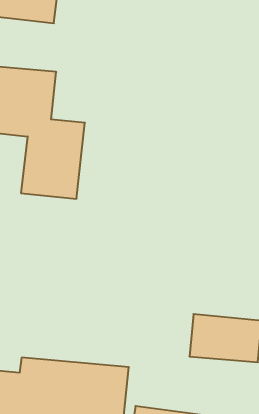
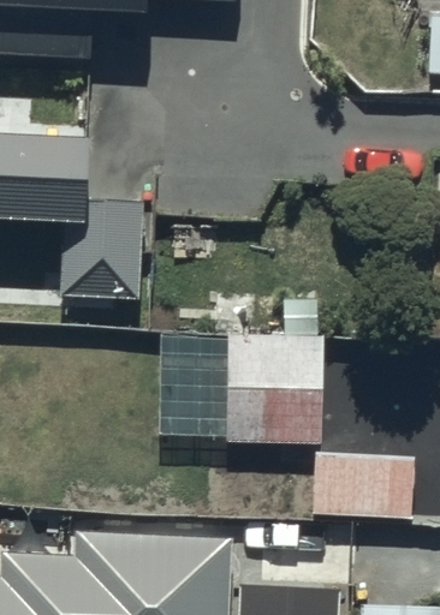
building: none -> [159,335,322,448]

